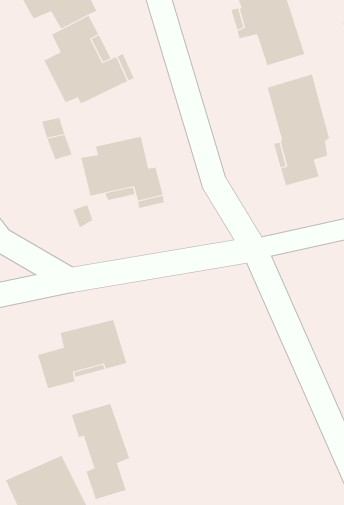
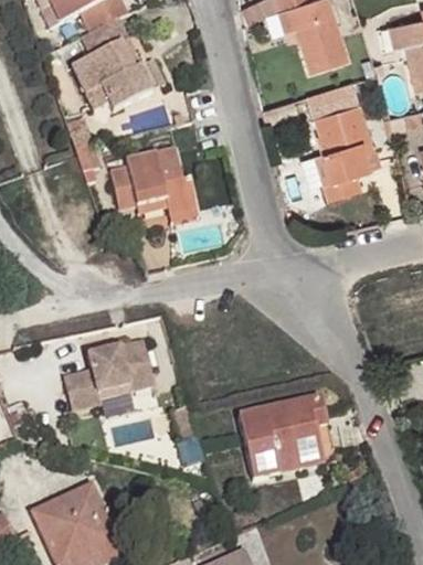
building: none -> [237,397,325,480]
building: [71,403,130,500] -> none

